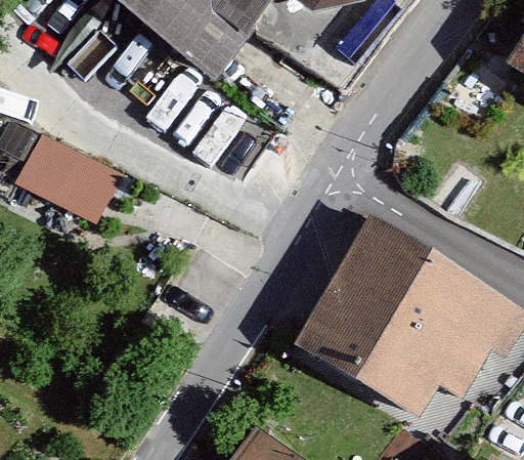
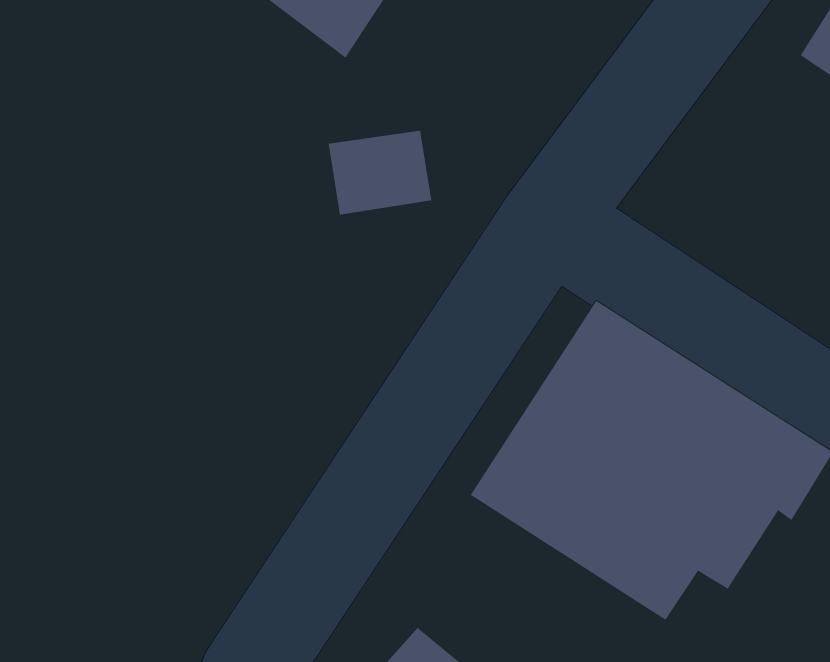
building: [10,129,121,228] -> none

